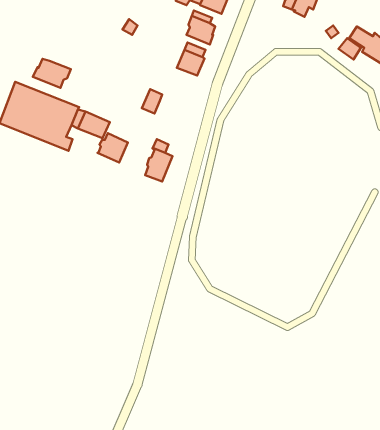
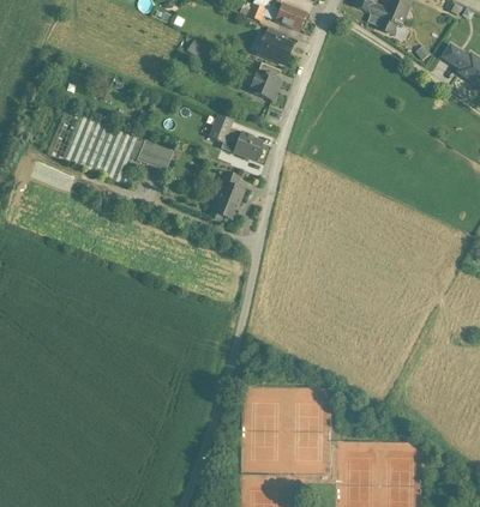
building: [33,59,71,88] -> none
building: none -> [222,128,263,159]
building: [98,133,128,162] -> none

